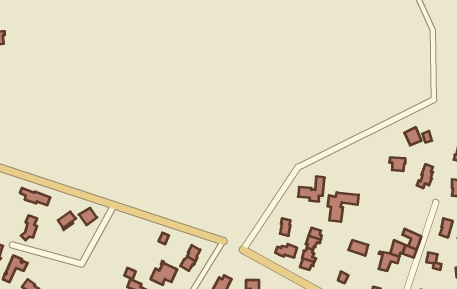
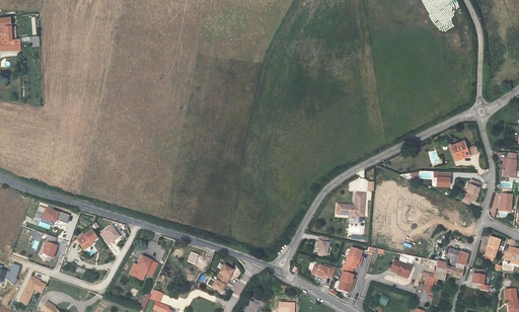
building: [328,192,359,222] -> none
building: [151,261,177,285] -> [129,254,157,280]

